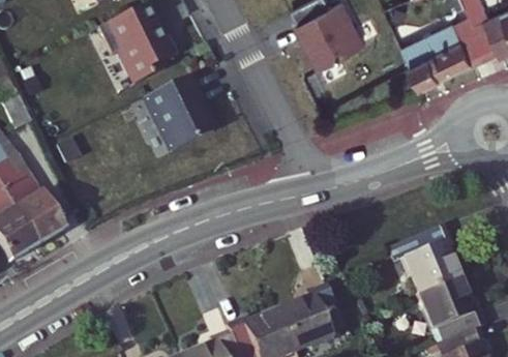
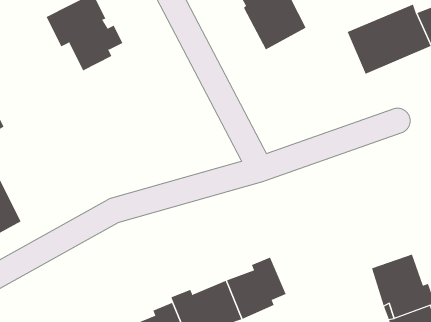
building: [137,84,206,161] -> none
building: [401,224,470,293] -> none

